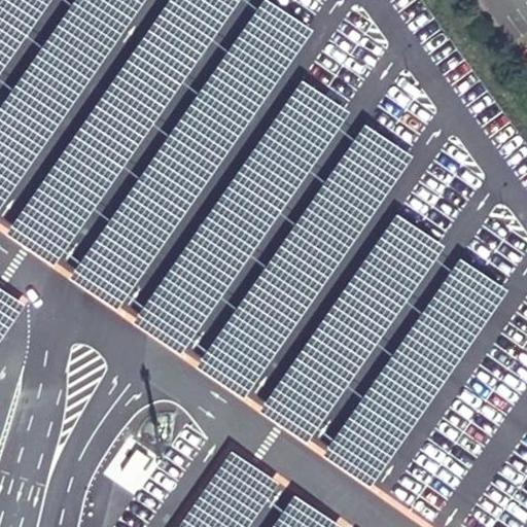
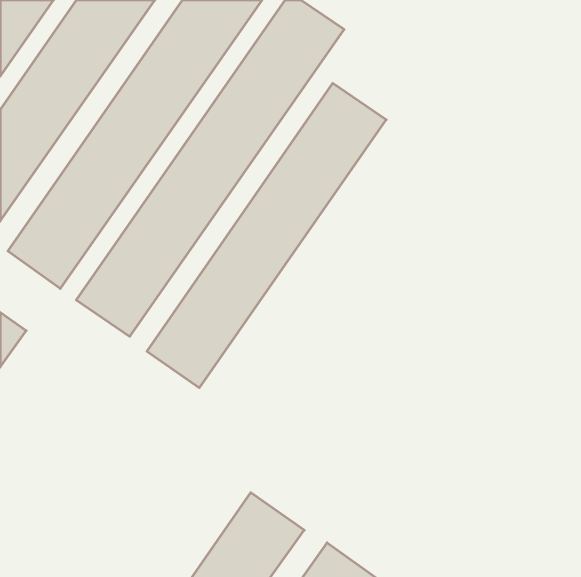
building: [198,124,413,398] -> none
building: [259,213,443,442] -> none
building: [323,258,507,487] -> none

